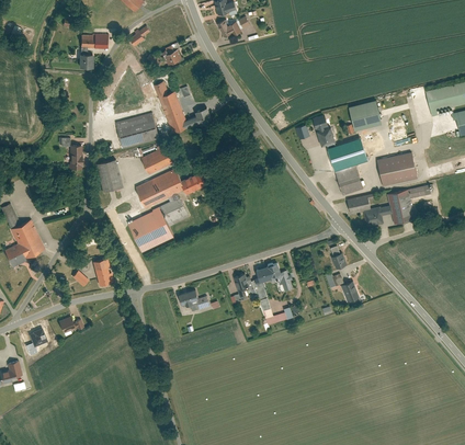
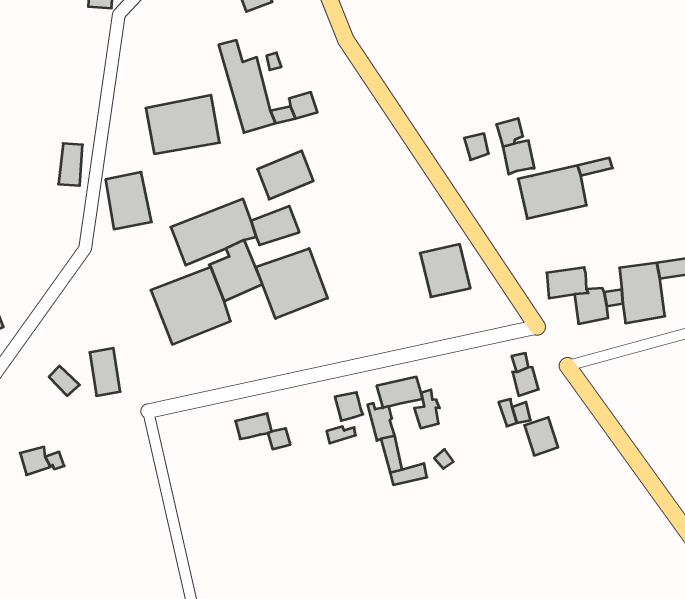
building: [349,100,383,130] -> none
building: [139,147,171,175] -> [257,151,313,199]
building: [376,151,418,186] -> none
building: [333,163,363,194] -> [420,244,470,297]
building: none -> [256,248,328,319]

